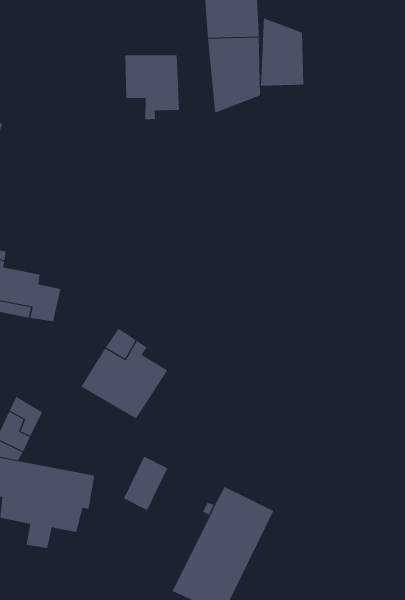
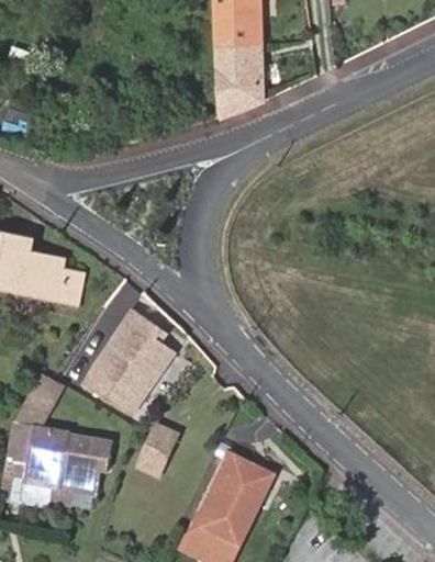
building: [261,17,304,86] -> none
building: [125,54,179,120] -> none
building: none -> [85,361,149,415]

